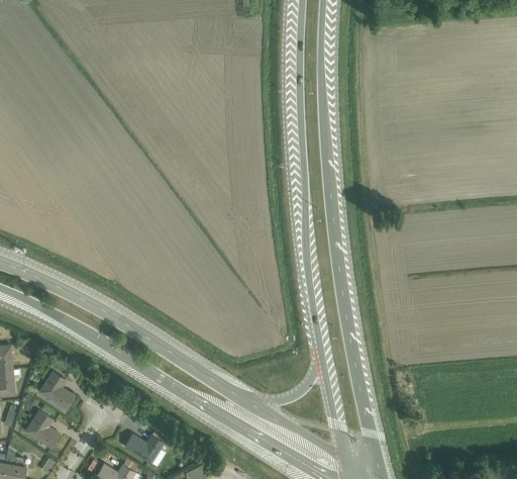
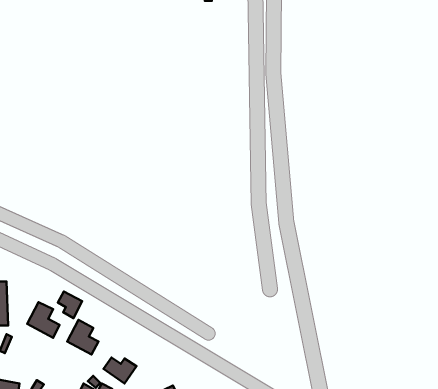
building: none -> [58,292,82,318]
building: [24,408,61,449] -> [67,320,99,355]

